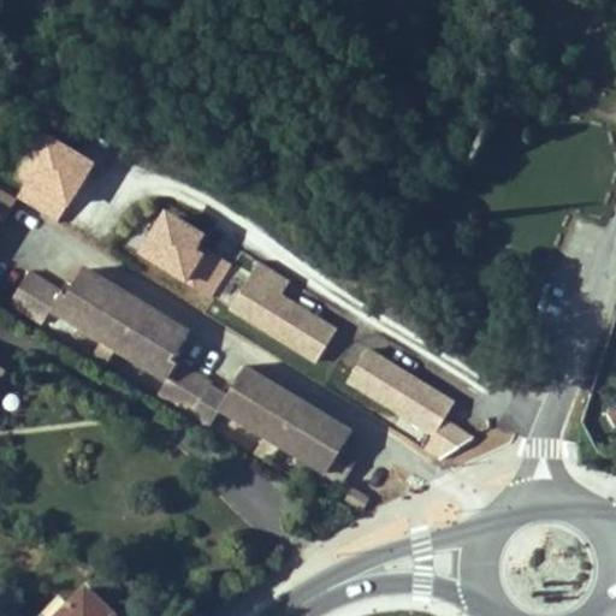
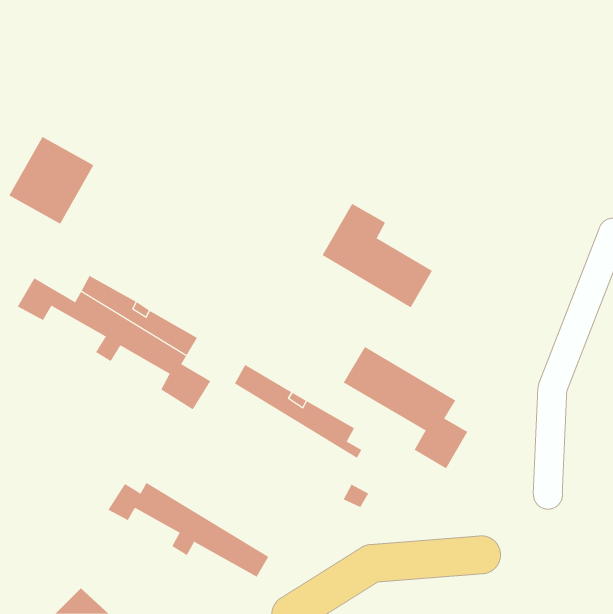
building: [134,212,232,298] -> none
building: [224,259,334,363] -> [322,203,433,308]
building: [195,383,356,478] -> [107,482,269,577]

